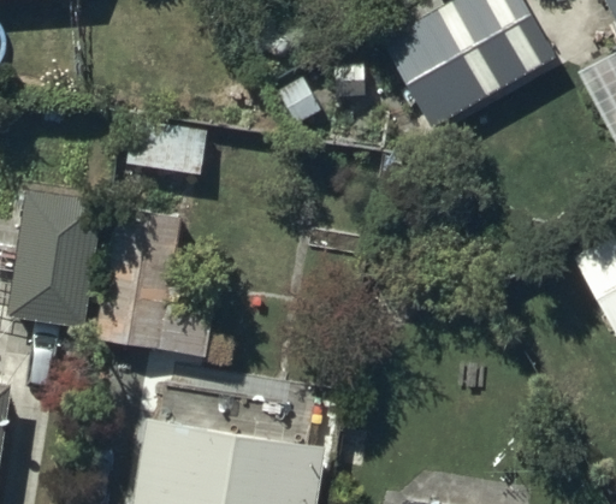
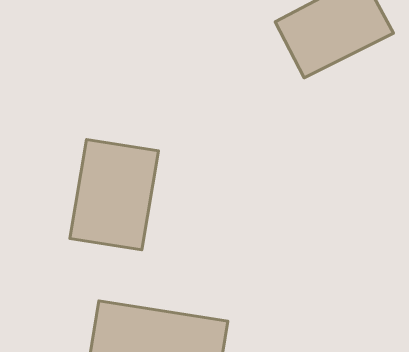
building: [16,189,99,322] -> none

